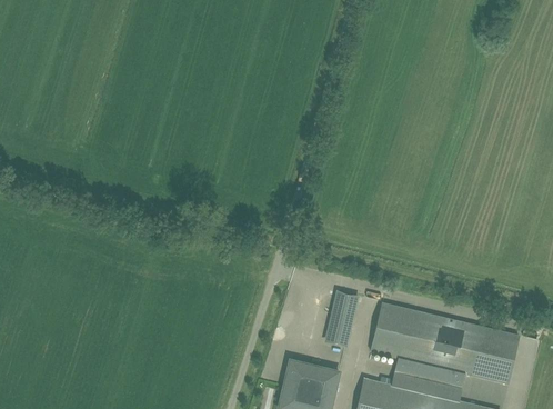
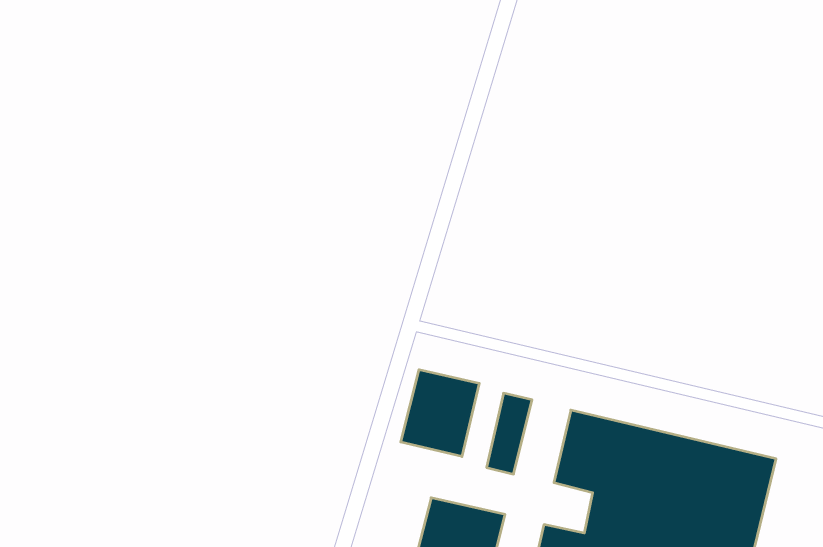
building: none -> [401,370,479,457]

